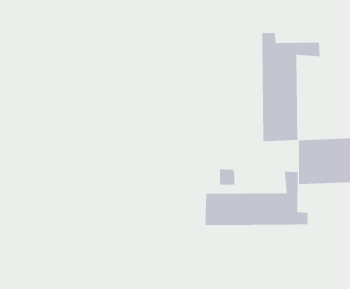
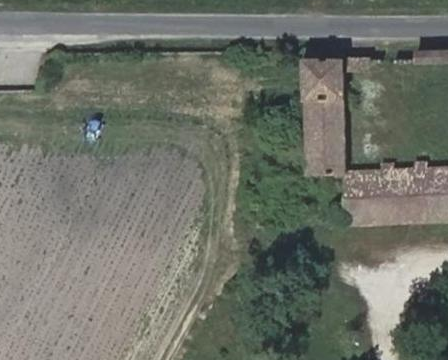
building: [205,171,308,226] -> none

